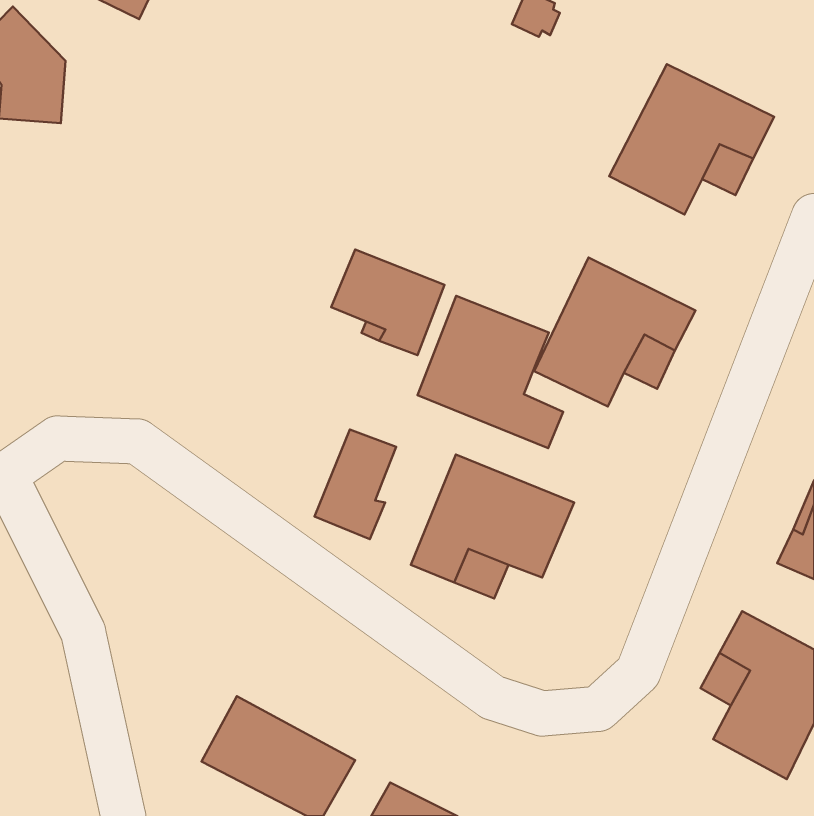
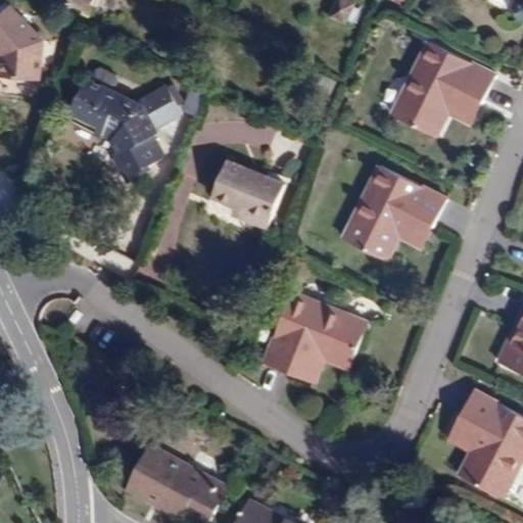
building: none -> [65,78,181,178]
building: [417,296,563,448] -> none
building: [315,430,396,539] -> none

